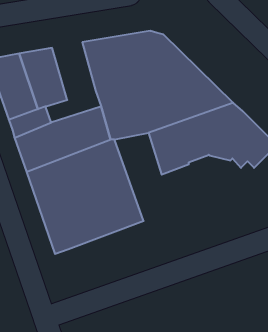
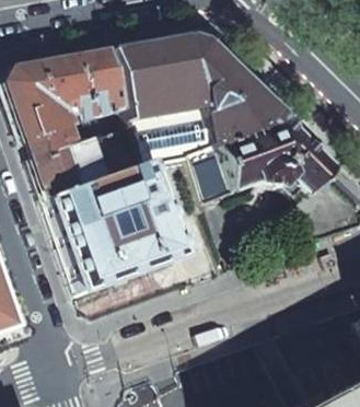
building: none -> [82,50,132,117]

